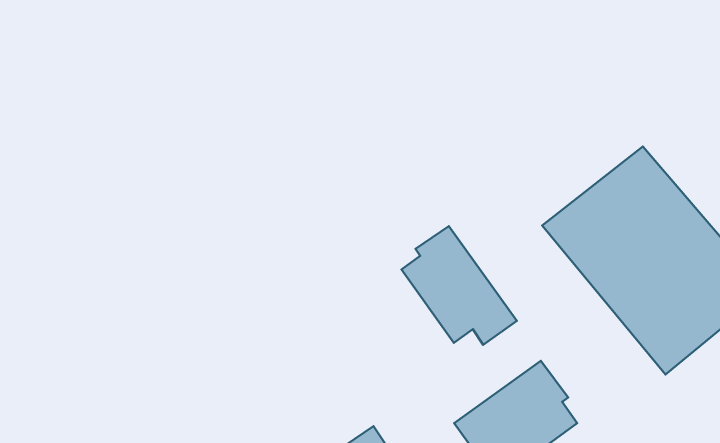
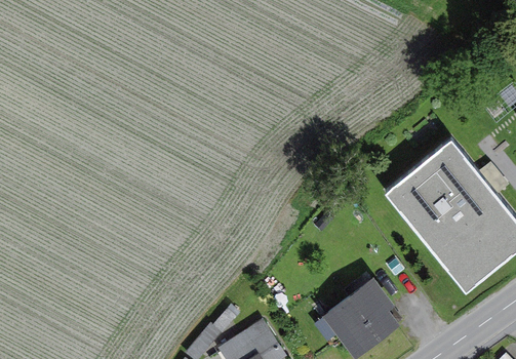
building: [401,226,517,345] -> none

